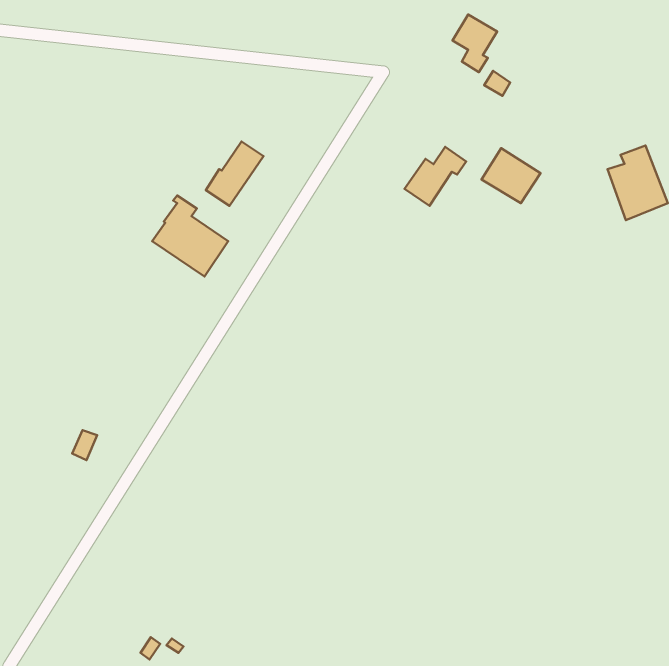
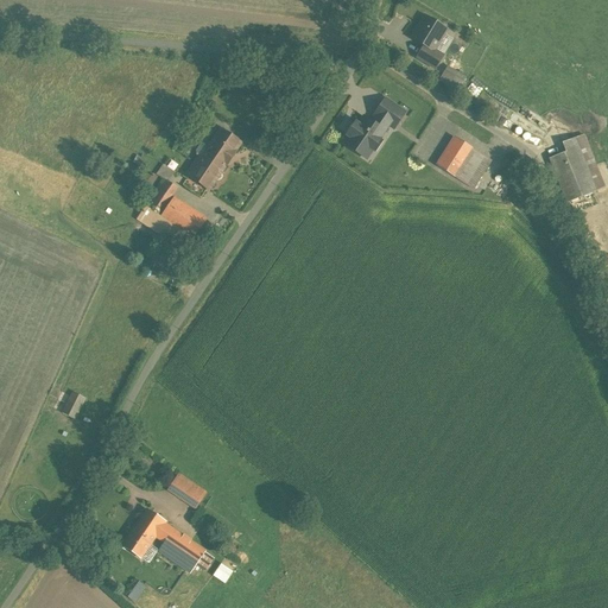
building: [405,147,466,206] -> [344,101,400,154]
building: none -> [171,473,208,506]
building: none -> [121,506,213,570]

